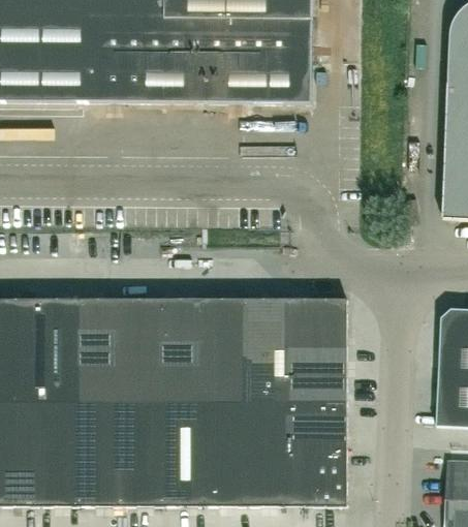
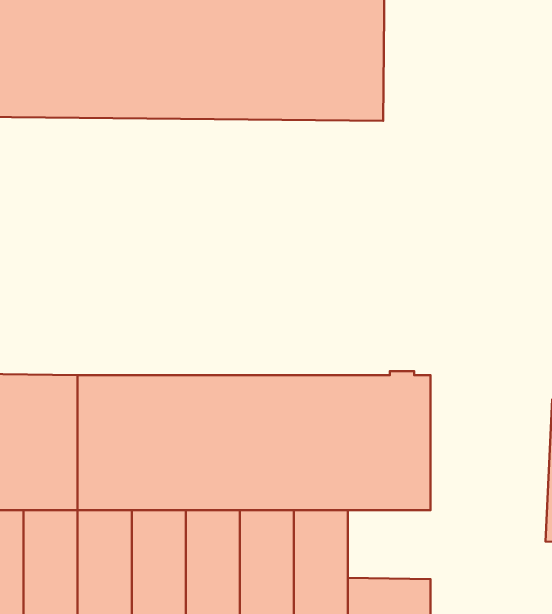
building: [283,401,346,454] -> none

